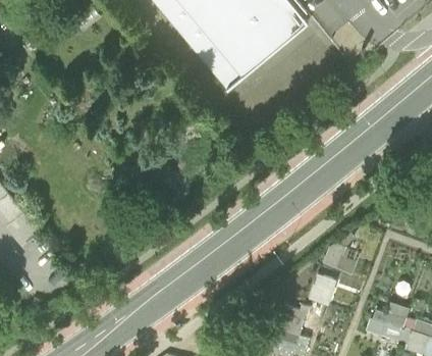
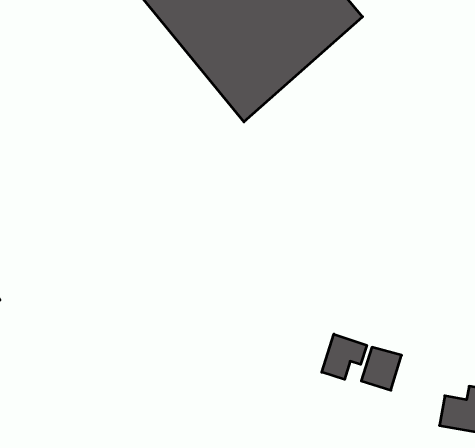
building: none -> [322,334,367,379]

